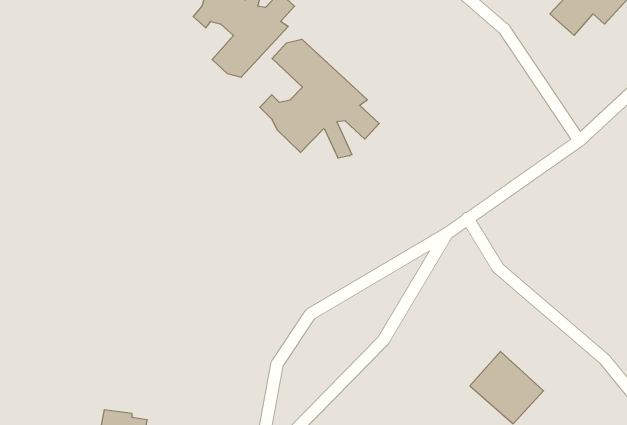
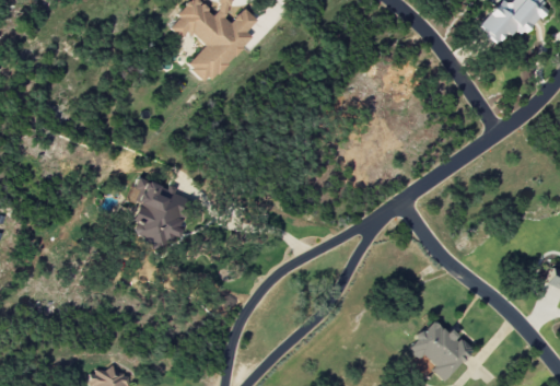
building: [260,39,379,158] -> none
building: none -> [129,182,186,246]

